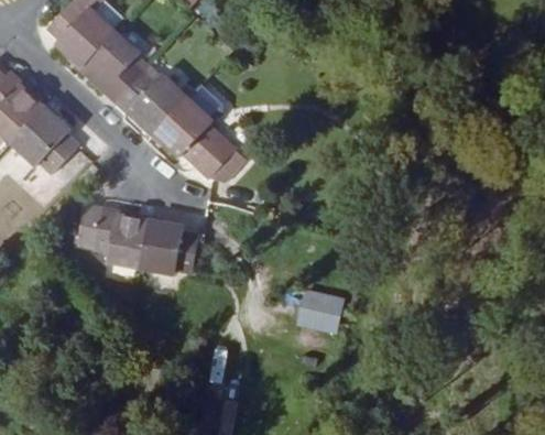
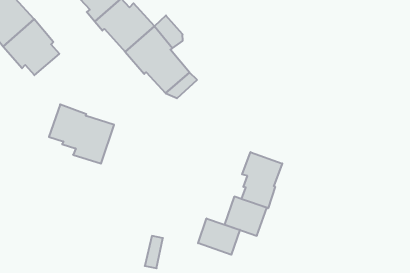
building: [143,221,200,275] -> none
building: none -> [241,152,282,208]
building: none -> [198,218,240,255]

